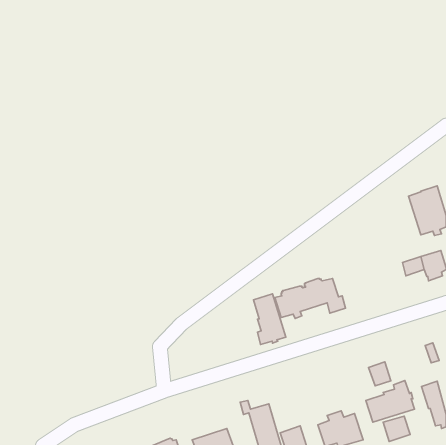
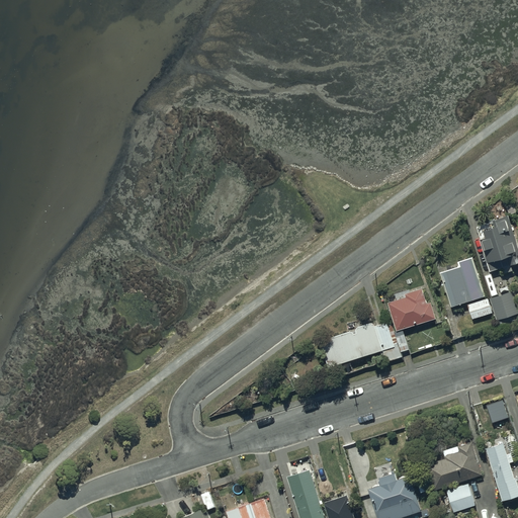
building: none -> [438,258,484,309]
building: none -> [388,289,436,352]
building: [253,294,286,344] -> none
building: [368,362,391,386] -> none

